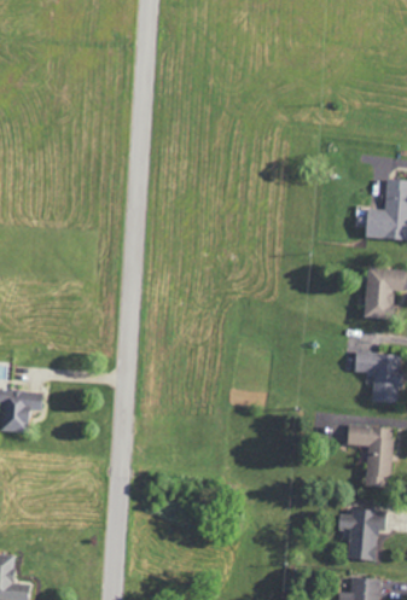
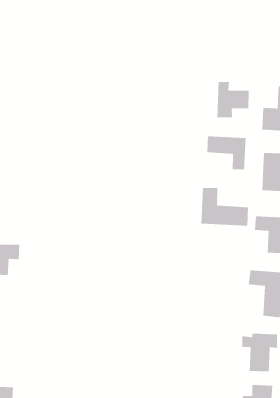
building: none -> [217,81,249,118]
building: none -> [207,136,246,170]
building: none -> [201,187,249,226]

